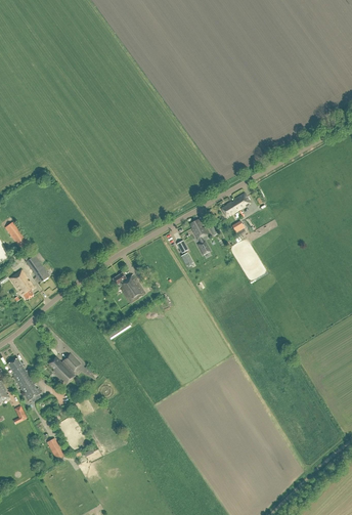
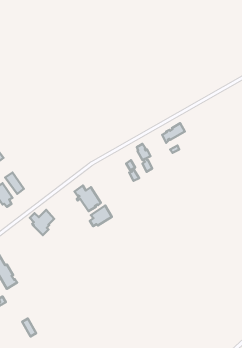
building: none -> [90,206,112,226]
building: [48,353,79,385] -> [30,210,54,235]

